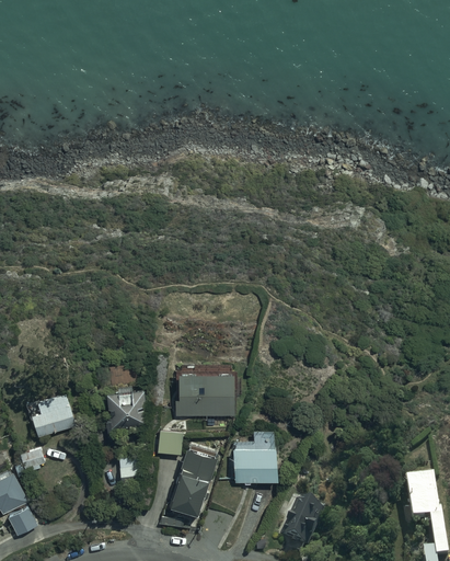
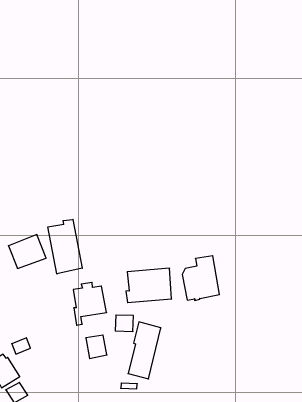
building: none -> [48,219,82,274]
building: [27,394,76,437] -> [8,235,46,268]
building: [231,427,278,484] -> [182,256,219,300]
building: [280,503,325,549] -> none

